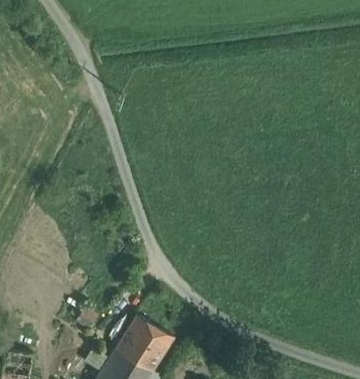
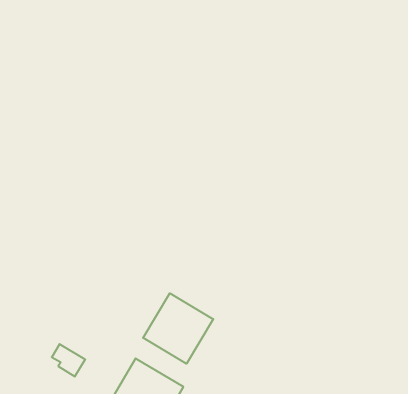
building: none -> [143,293,213,364]

